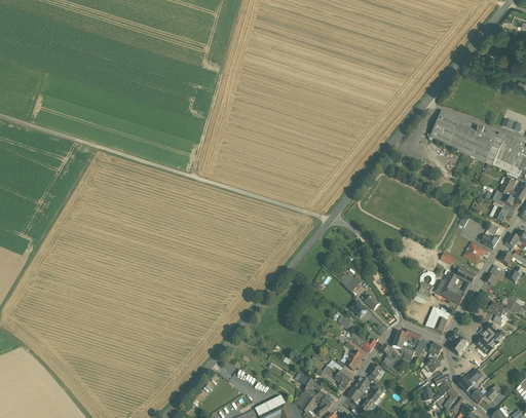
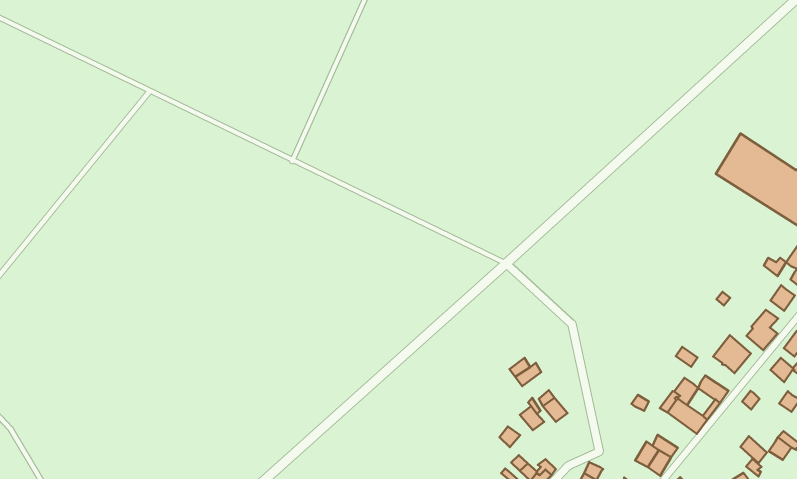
building: [429,109,460,144] -> none

